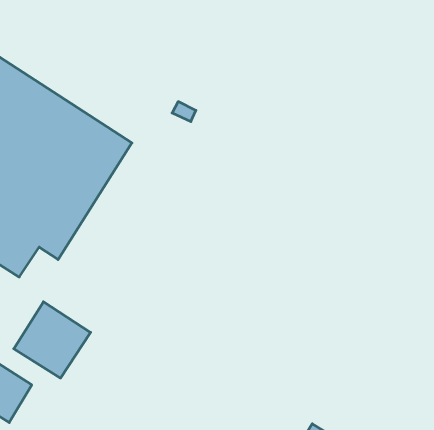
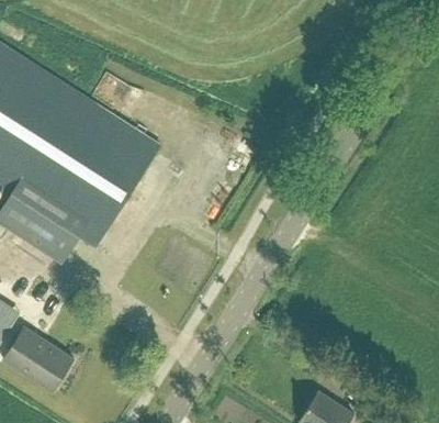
building: [14,302,91,378] -> none

